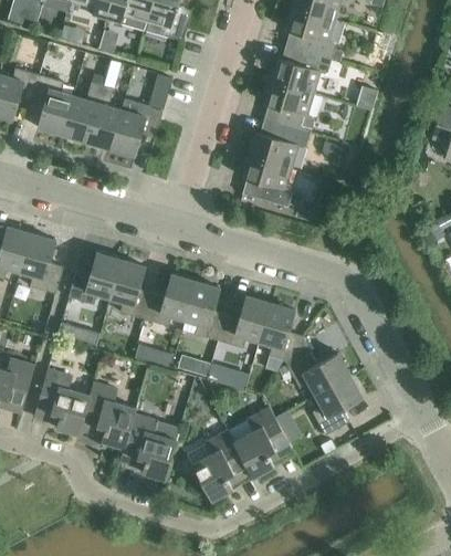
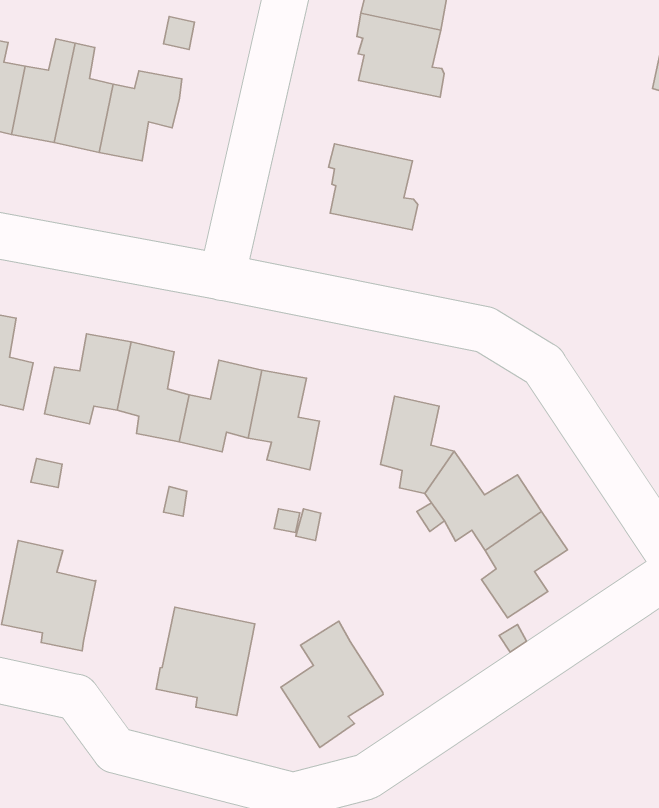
building: [248,118,311,167] -> none
building: [219,295,271,347] -> none
building: [81,381,137,448] -> none
building: [234,407,294,478] -> none

